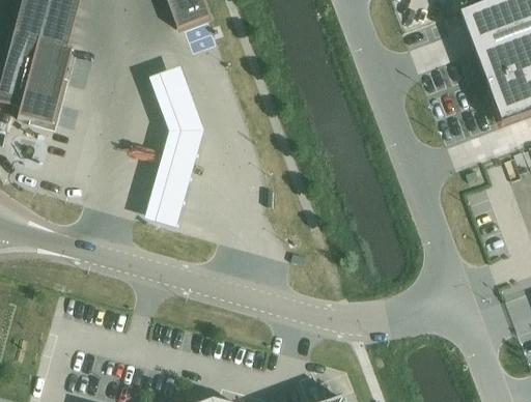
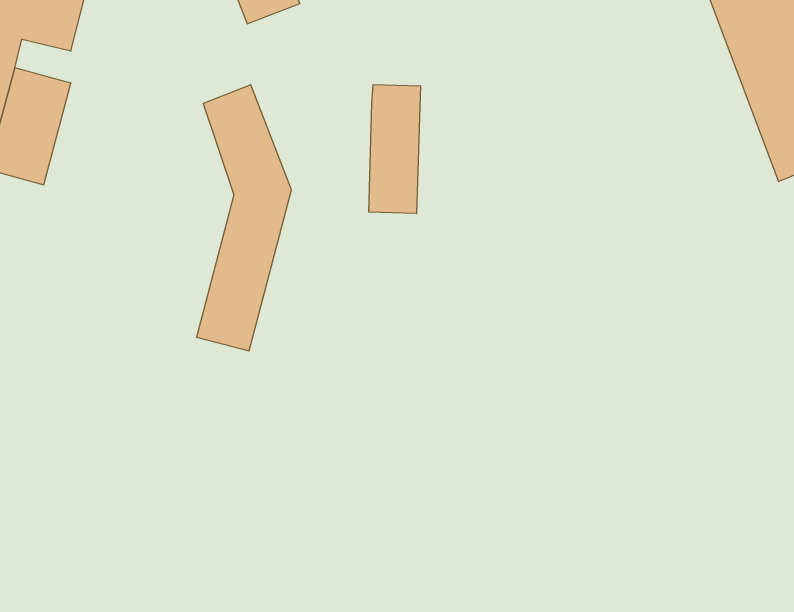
building: [34,36,74,63] -> none
building: none -> [369,85,421,214]

